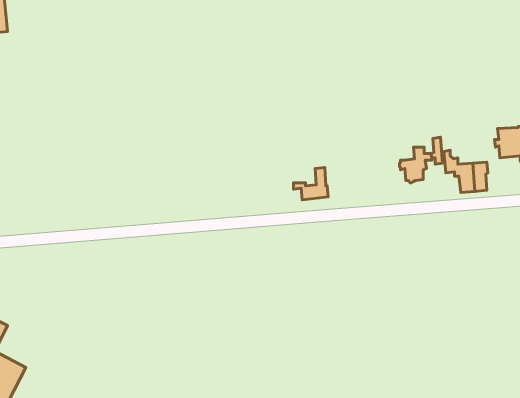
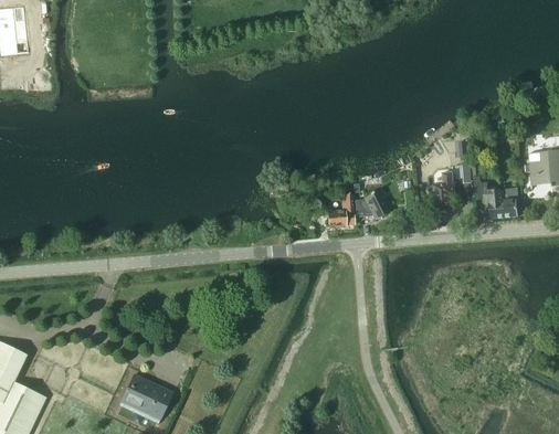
building: none -> [355,188,387,218]
building: none -> [118,373,170,423]

